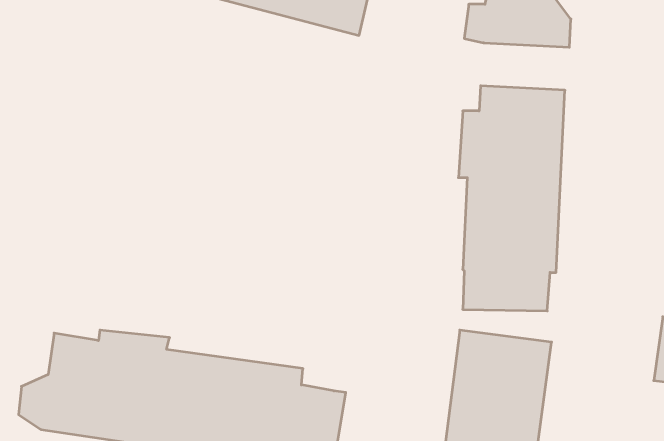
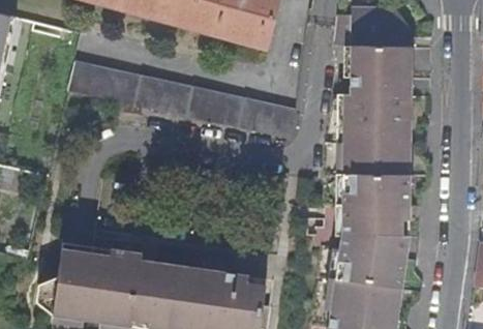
building: none -> [354,49,416,82]
building: none -> [70,61,292,142]
building: none -> [339,235,405,258]

